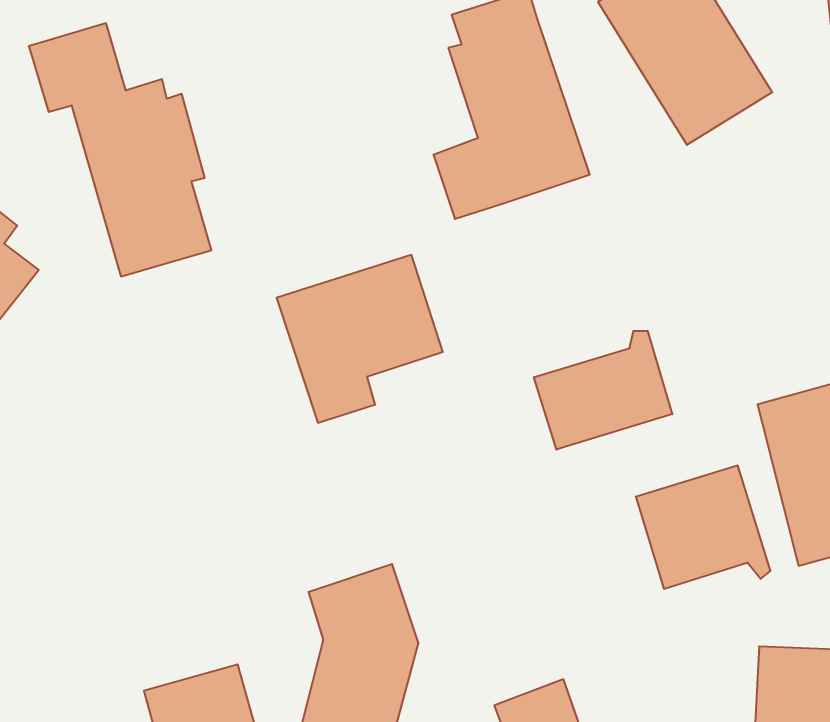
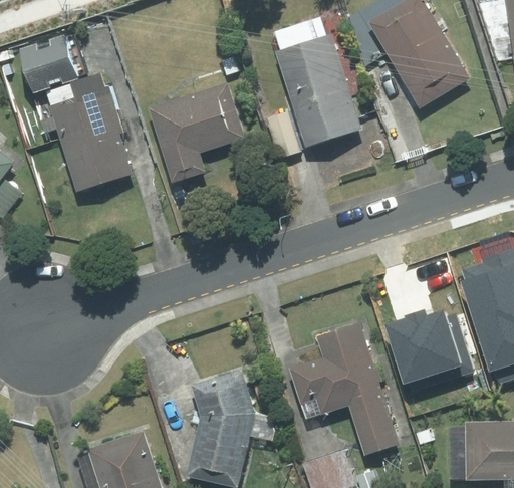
building: [277,255,443,423] -> [144,81,245,184]
building: [534,331,672,450] -> none
building: none -> [285,319,398,450]

